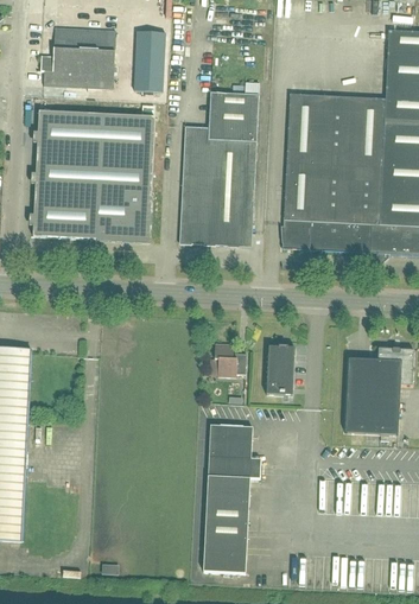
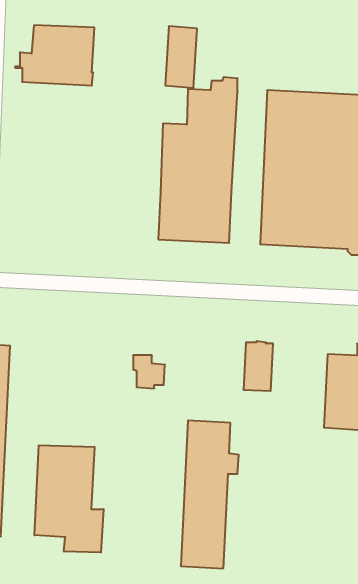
building: [133,27,165,89] -> [165,26,197,88]
building: [30,109,157,242] -> none
building: [214,343,246,376] -> [133,355,165,388]
building: none -> [34,445,104,553]

